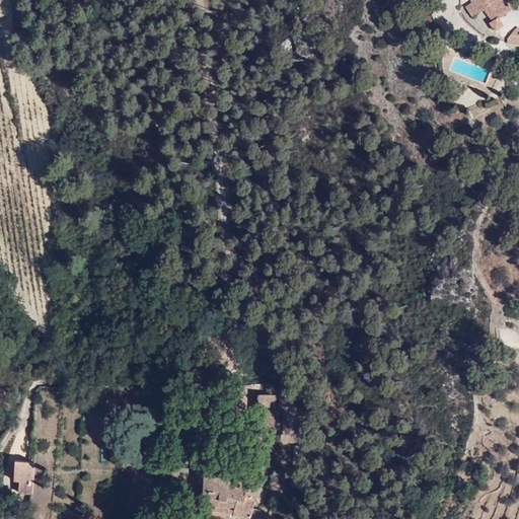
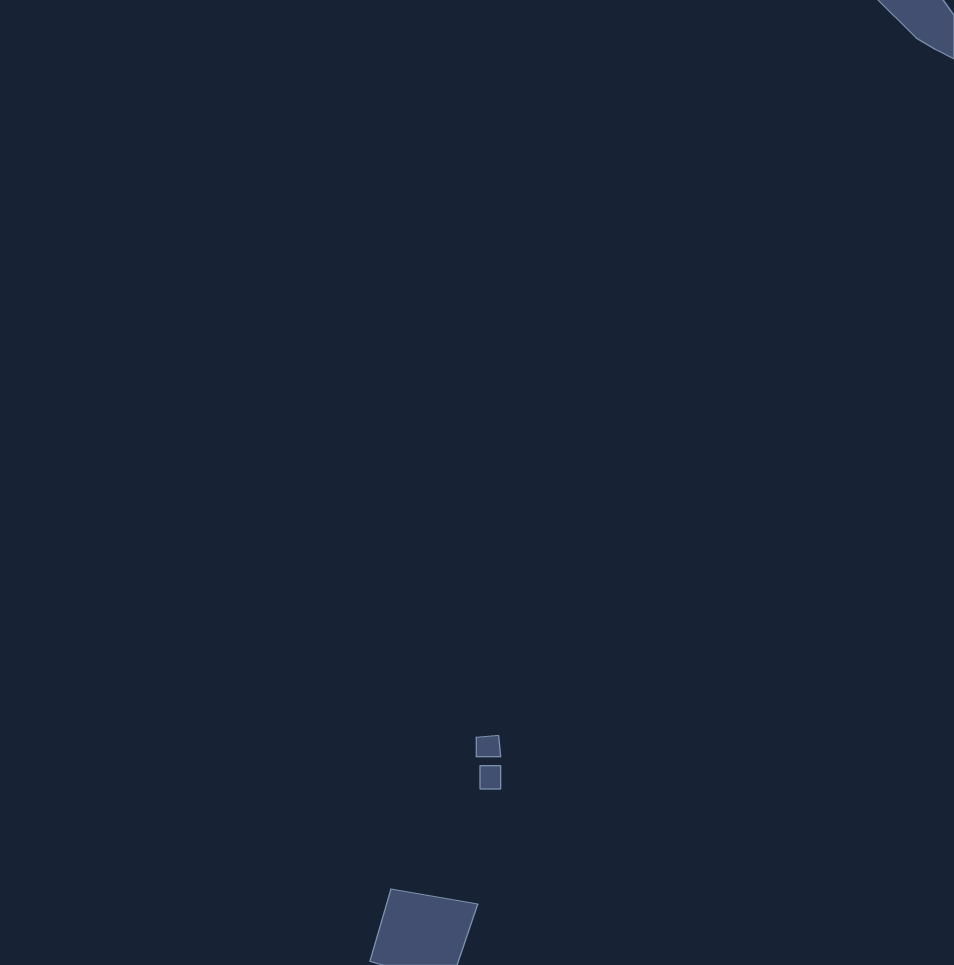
building: [12,456,33,493] -> none

